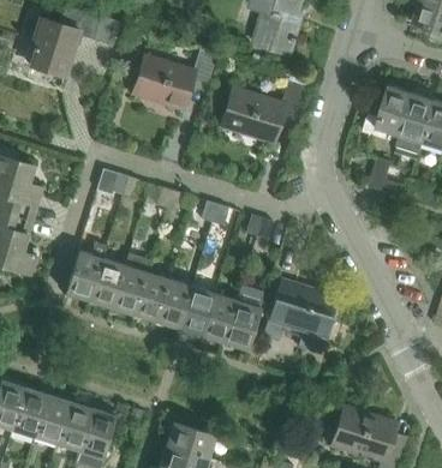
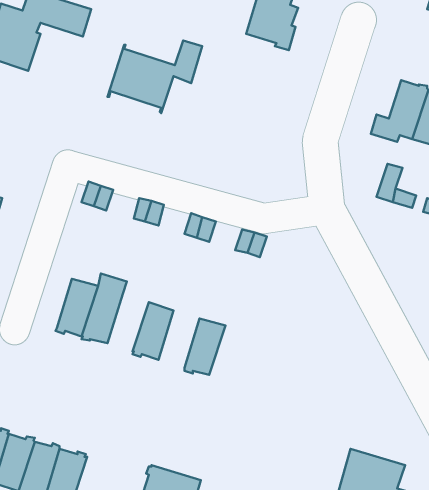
building: [221,80,304,145] -> none
building: [65,242,106,301] -> none
building: [133,271,169,322] -> none
building: [262,283,339,353] -> none
building: [178,286,214,336] -> none
building: [222,299,259,350] -> none

